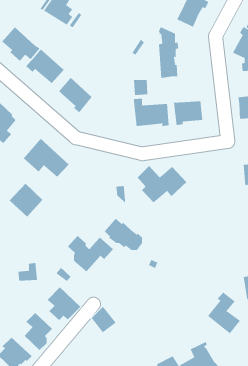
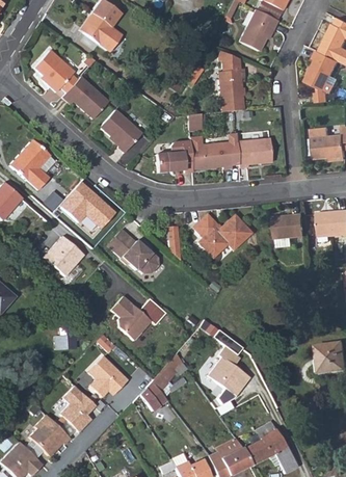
building: none -> [155,138,192,170]
building: none -> [273,214,307,247]
building: [104,218,143,251] -> [112,234,158,272]
building: none -> [154,354,187,394]
building: [207,292,241,334] -> [207,346,246,396]

